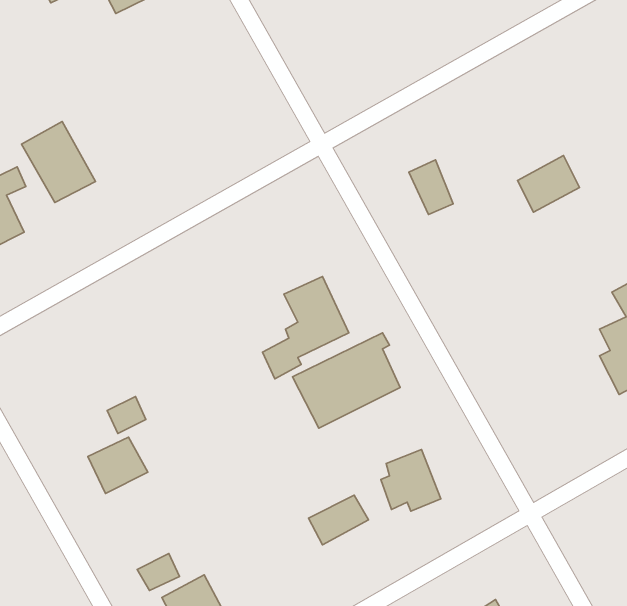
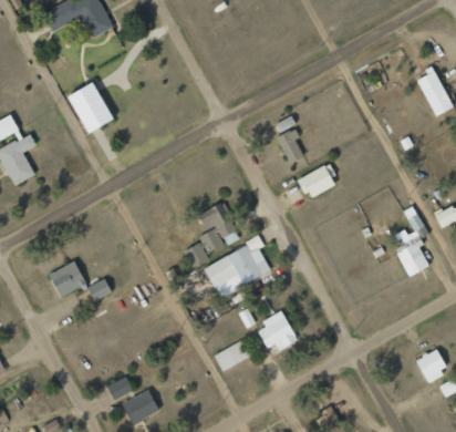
building: [21,121,96,203] -> [68,82,114,133]
building: [518,156,579,212] -> [299,164,338,199]
building: [88,437,148,494] -> [49,261,86,297]

